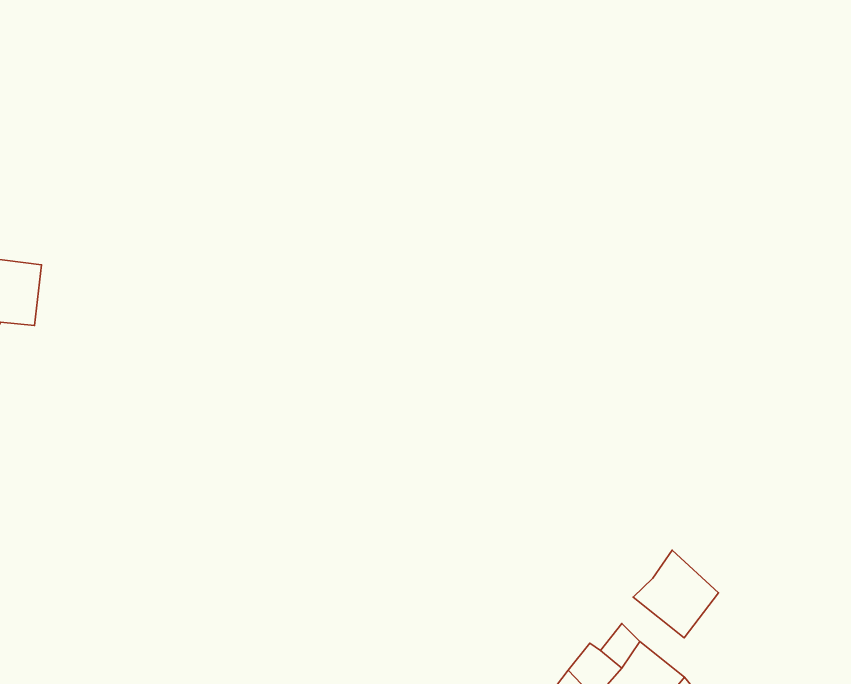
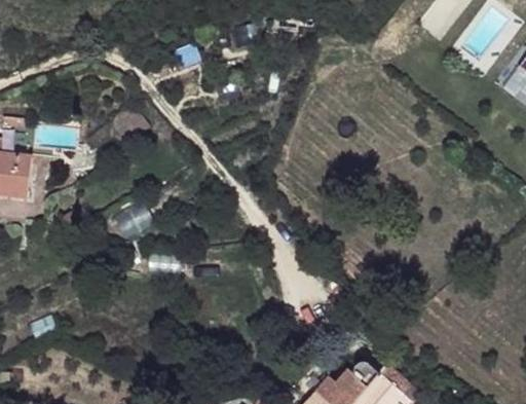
building: [633,550,719,638] -> none

